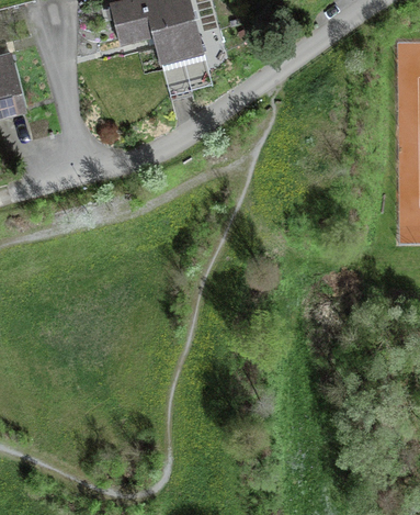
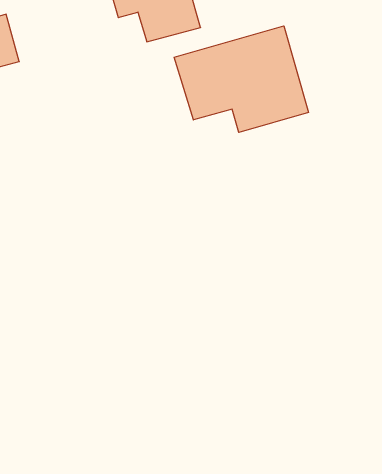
building: none -> [174,26,309,132]

